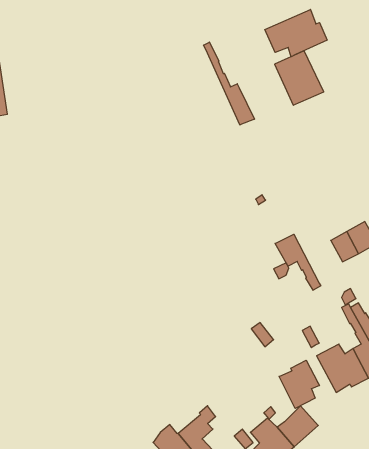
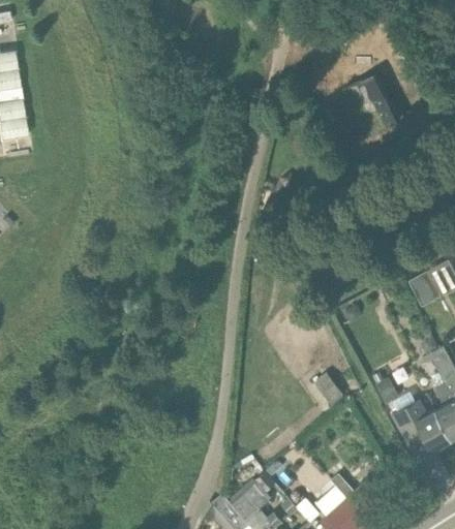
building: [265,9,327,57] -> none
building: [204,42,254,125] -> none
building: [275,234,321,290] -> none
building: [279,360,319,408] -> none

